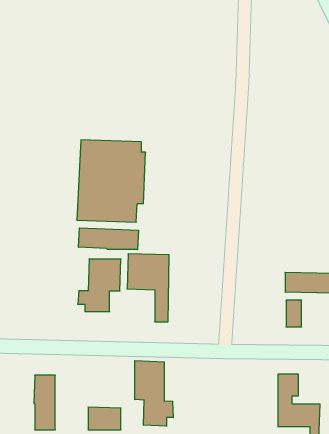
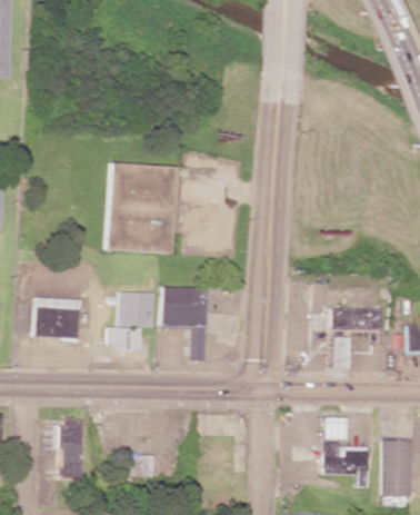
building: [79,228,138,250] -> none
building: none -> [34,298,79,339]
building: [135,361,173,426] -> none

